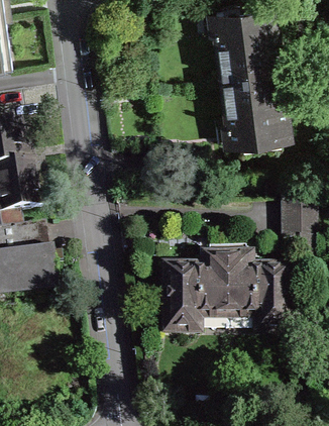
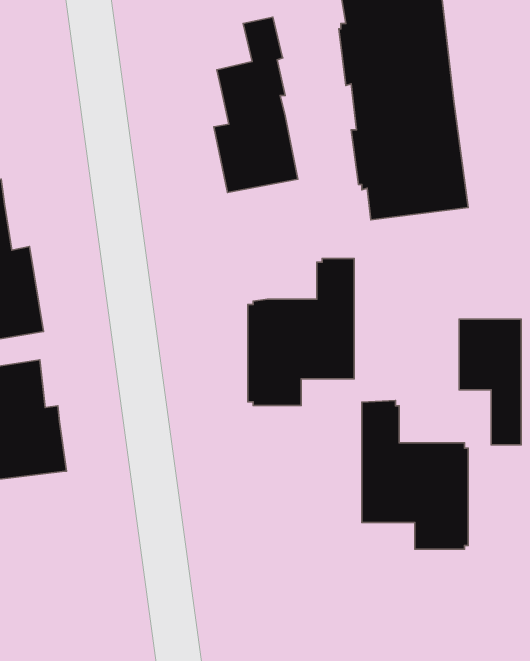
building: none -> [214,17,298,193]
building: [162,246,223,330] -> [248,259,354,405]

